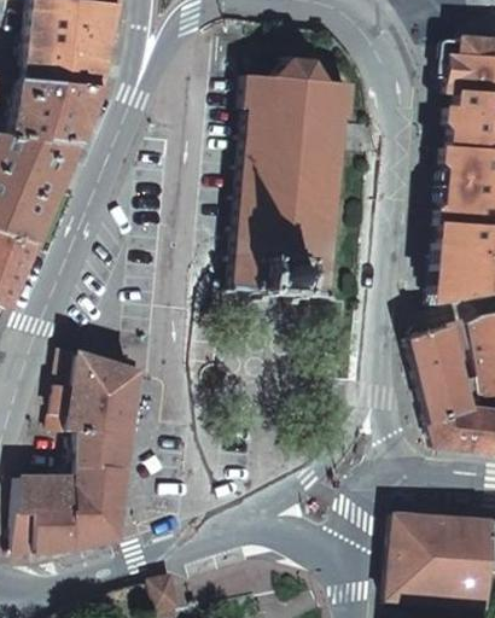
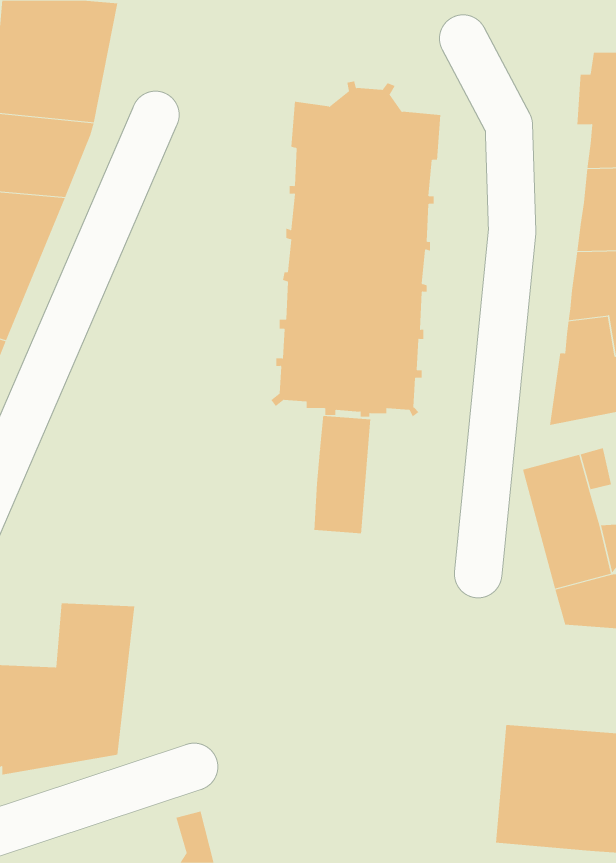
building: none -> [314,415,371,534]
building: [54,349,136,433] -> none

